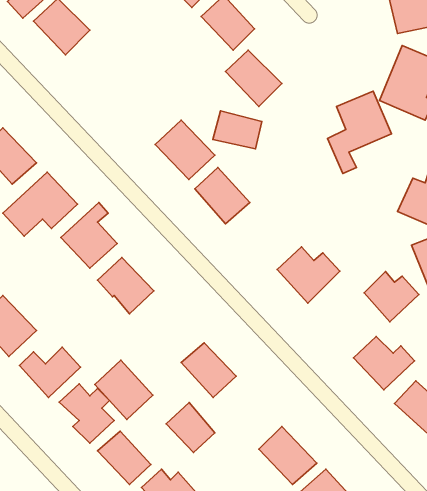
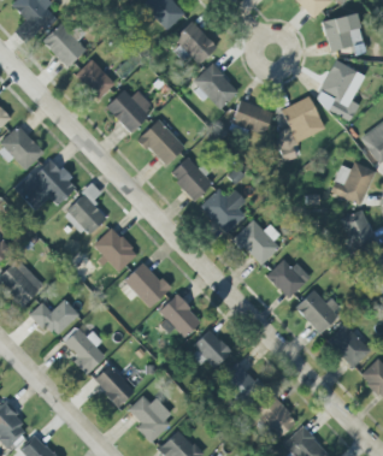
building: none -> [75,59,116,100]
building: none -> [106,89,154,131]
building: [213,111,262,149] -> [232,101,271,131]
building: none -> [201,188,247,233]
building: [364,272,419,322] -> [267,259,311,298]
building: [95,360,153,419] -> [124,261,170,308]
building: [166,402,215,453] -> [193,328,231,368]

